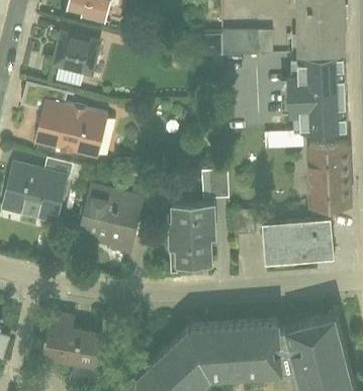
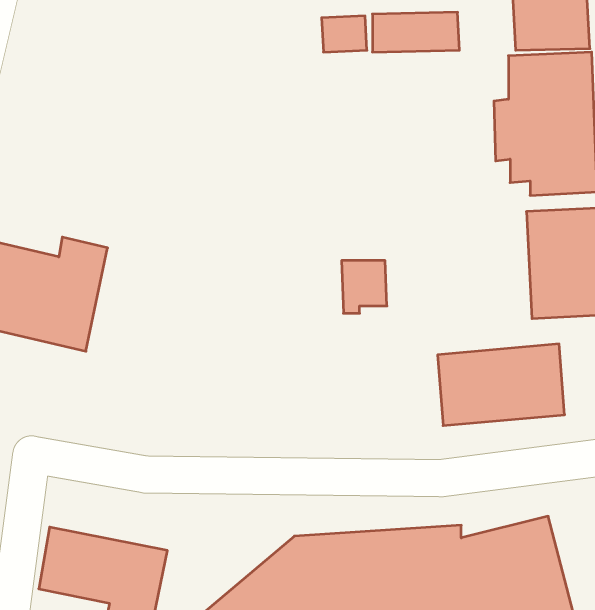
building: [56,34,101,76] -> none
building: [44,106,116,157] -> none
building: [82,193,144,253] -> none
building: [163,206,215,268] -> none

